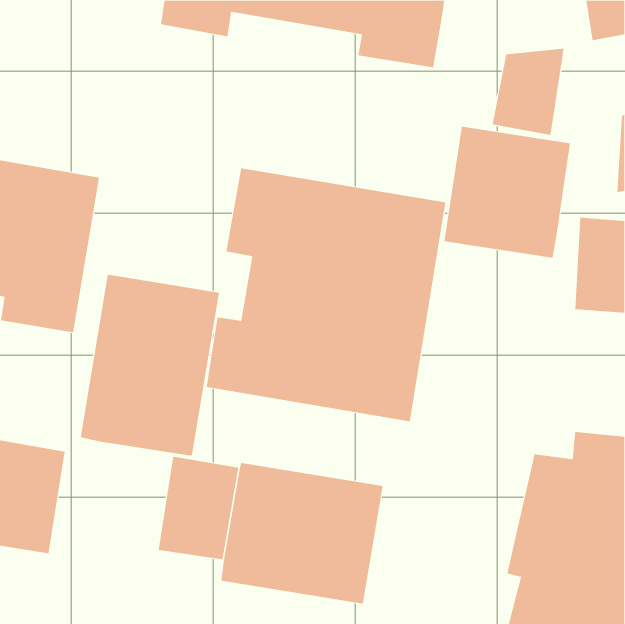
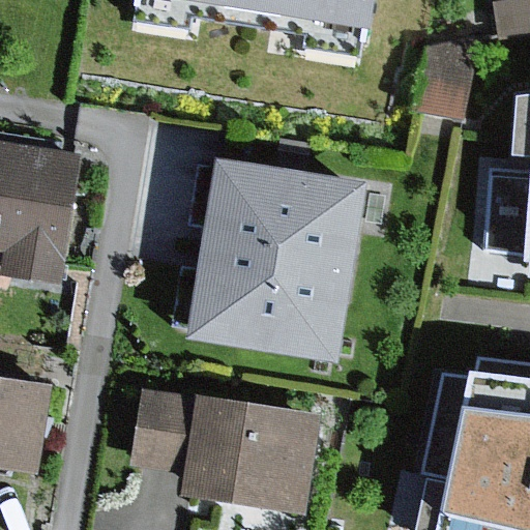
building: [444,126,570,259] -> none
building: [80,274,219,456] -> none

